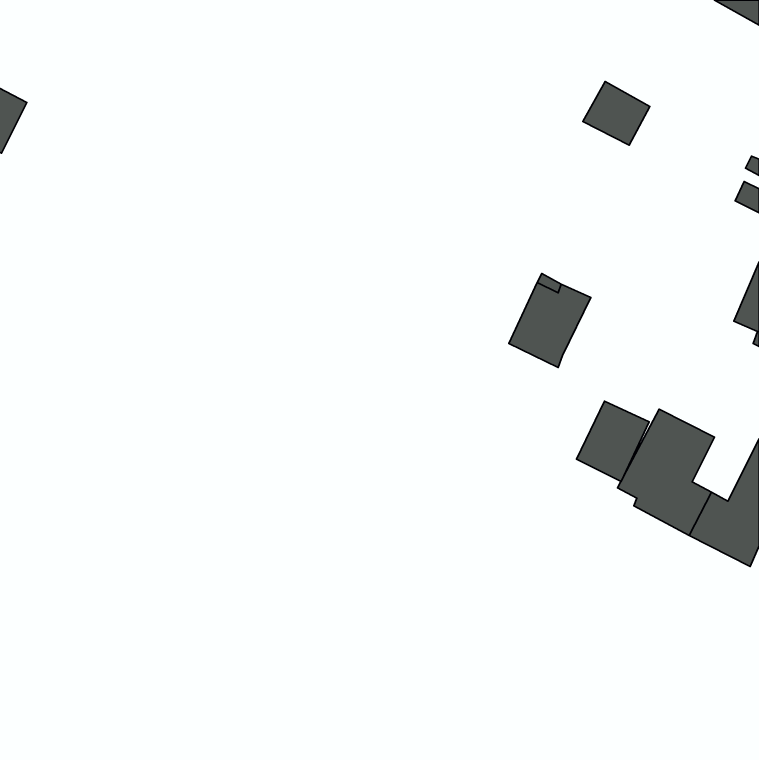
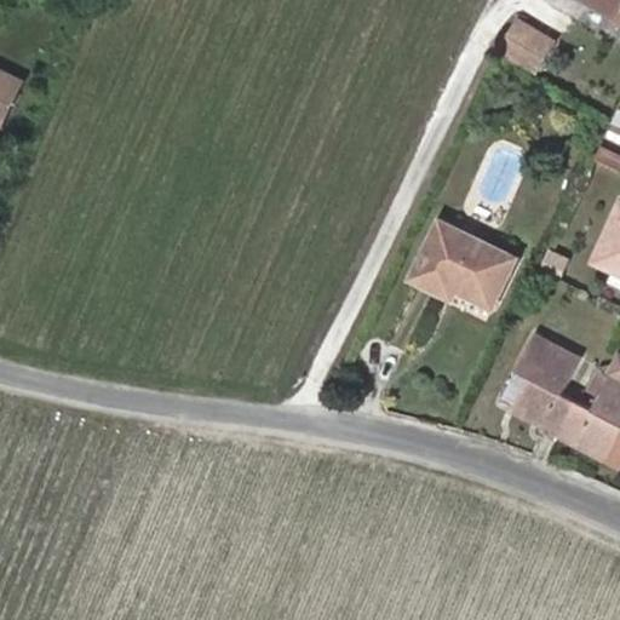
building: [583,81,650,145] -> [499,19,553,71]
building: [576,401,649,481] -> [458,242,517,308]

